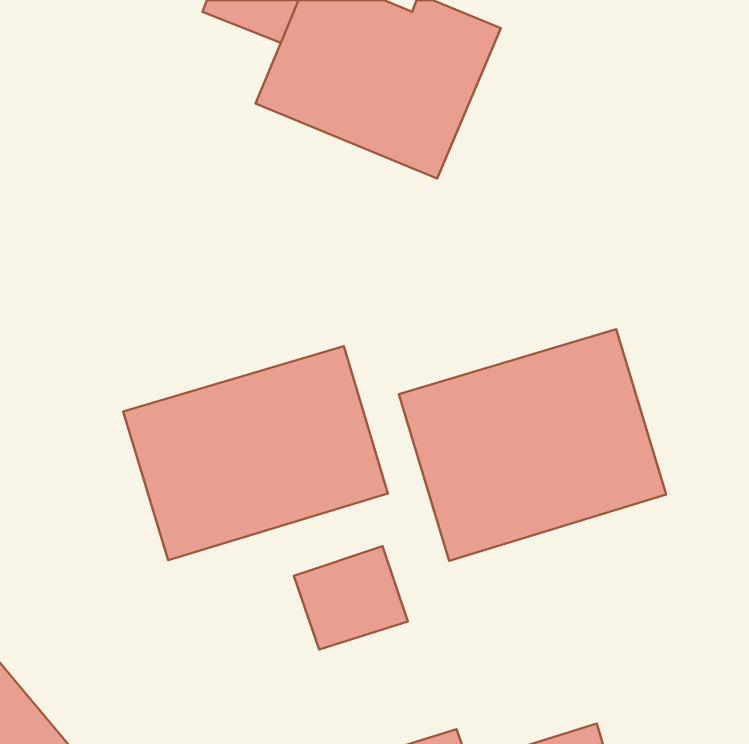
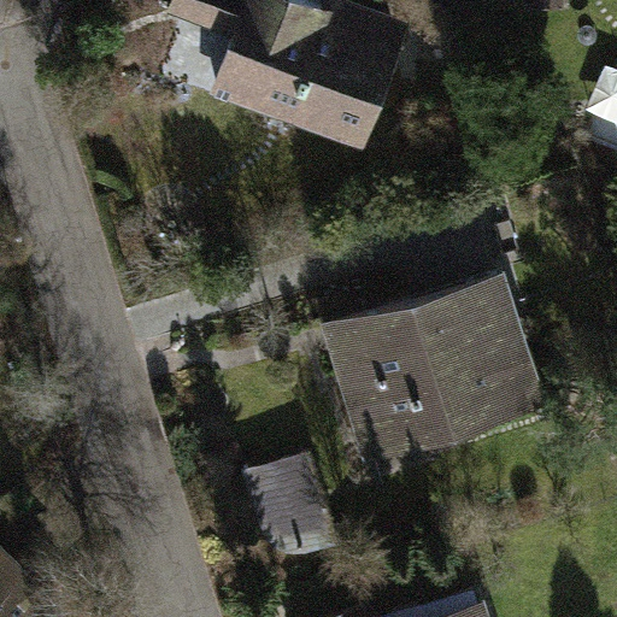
building: [123,346,388,560] -> none

